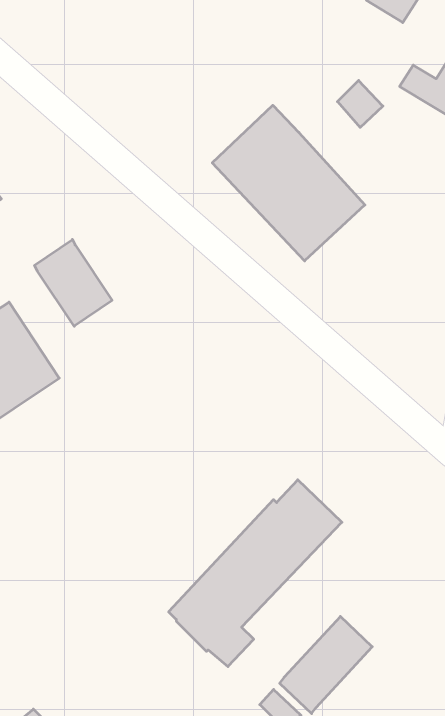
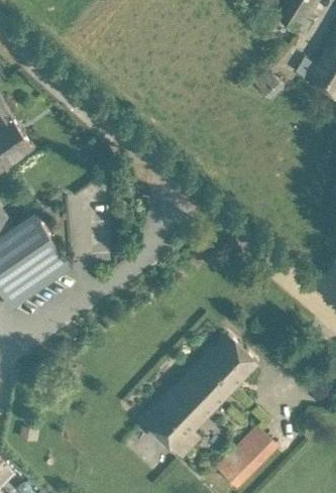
building: [212,105,365,261] -> none
building: [35,239,112,326] -> none

